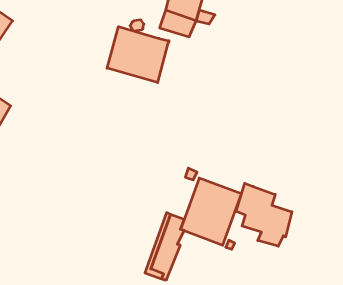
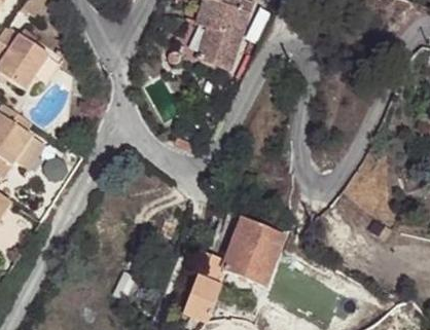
building: [107,27,169,83] -> none
building: [236,183,292,246] -> none

